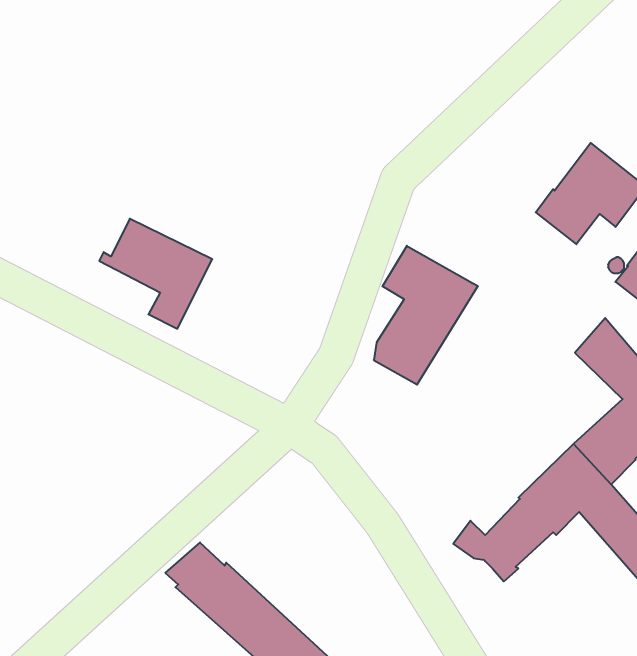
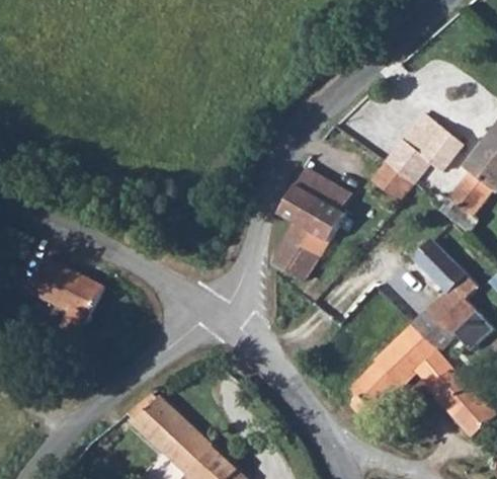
building: none -> [371,162,414,204]
building: [99,219,212,329] -> [25,259,104,336]
building: none -> [297,168,351,212]

